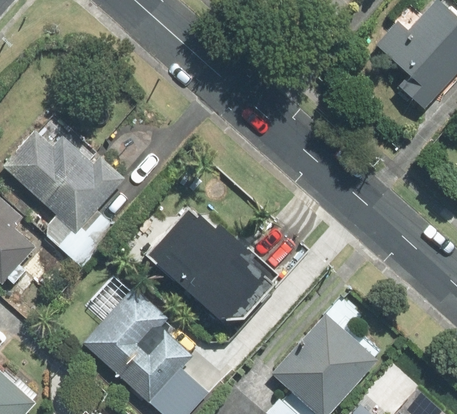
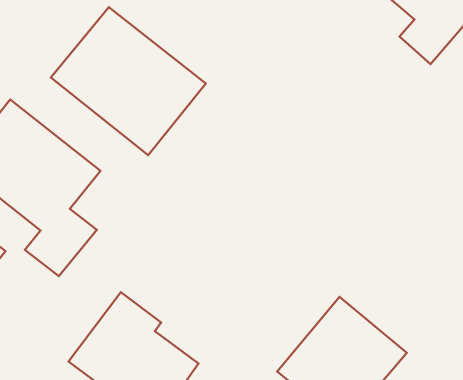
building: none -> [51,7,206,155]
building: [147,201,285,335] -> none

